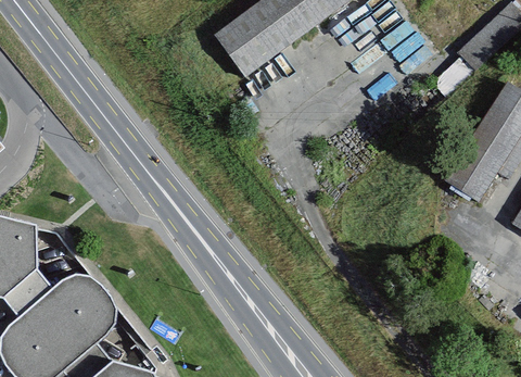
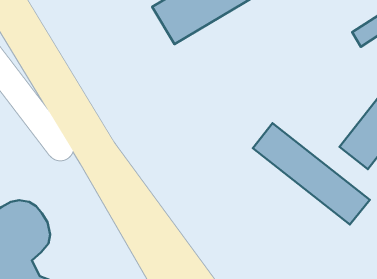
building: none -> [253,123,370,225]

